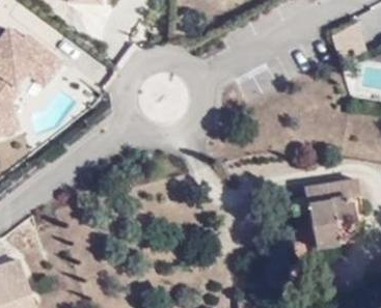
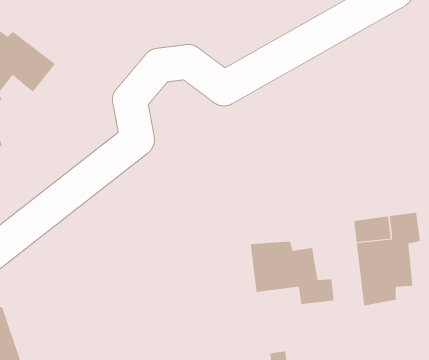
building: none -> [250,241,334,305]

